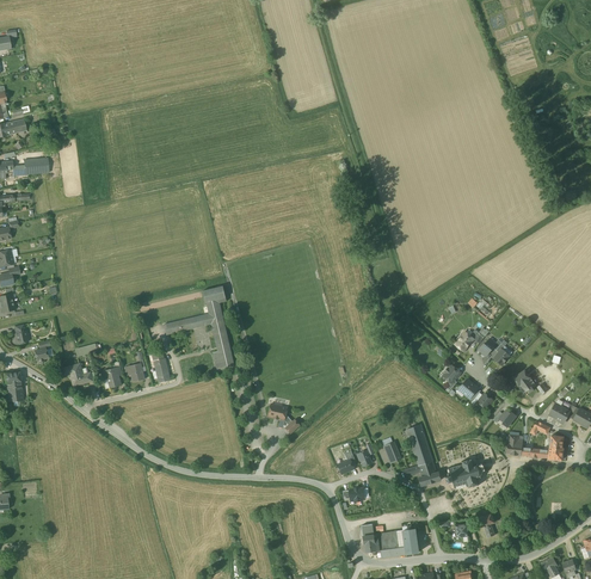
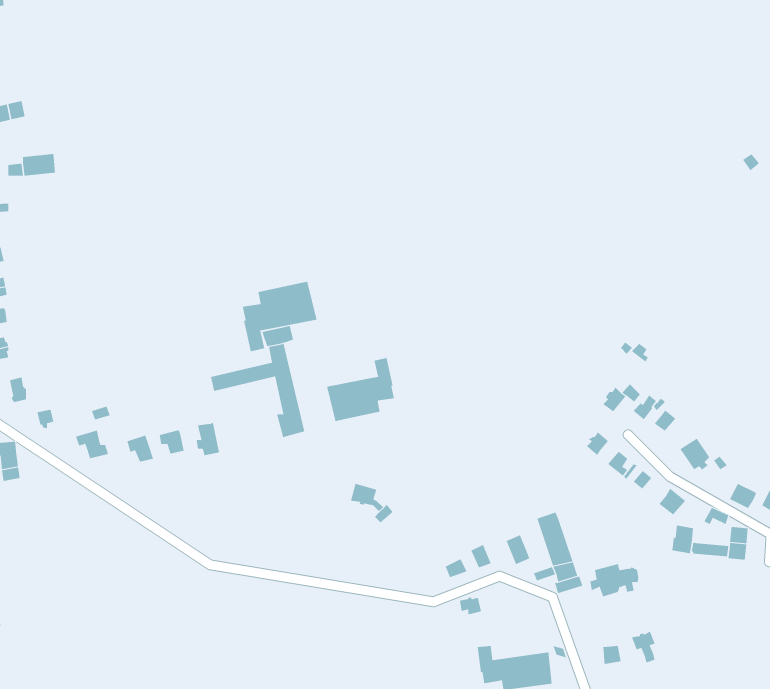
building: none -> [242,281,317,352]
building: none -> [326,357,395,422]

